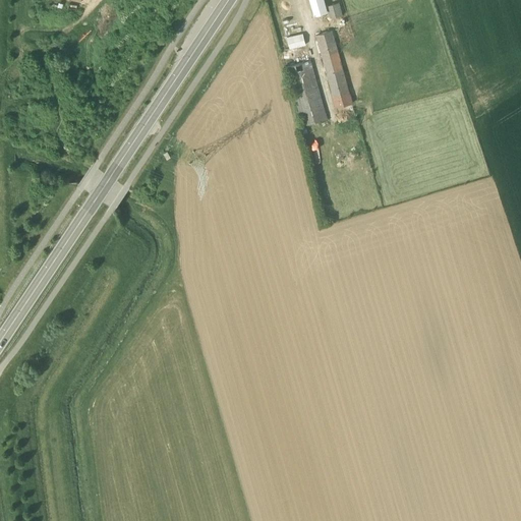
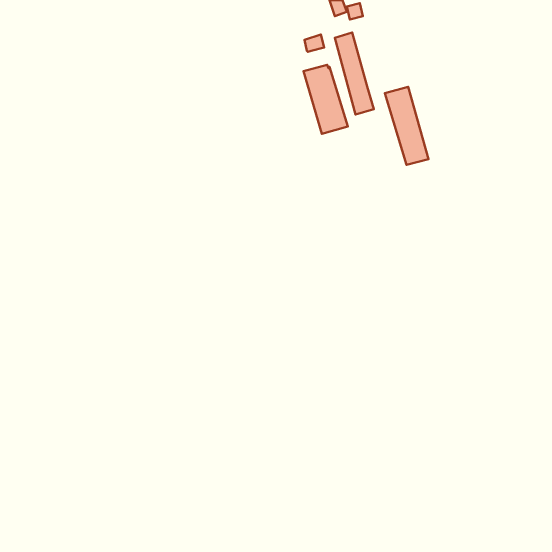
building: none -> [385,87,428,165]

